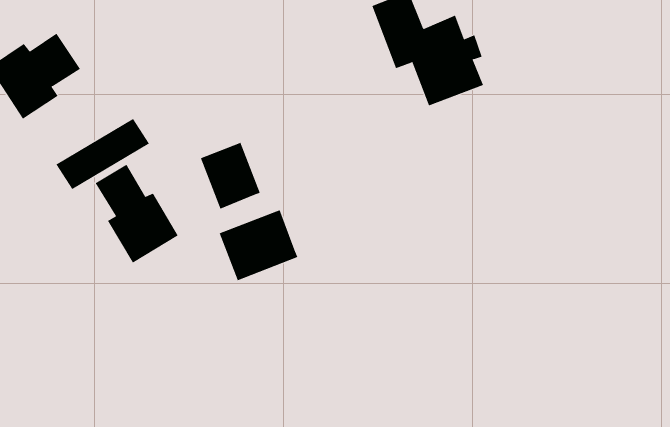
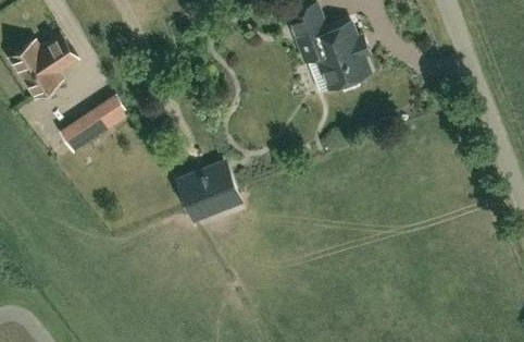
building: [200,142,261,210] -> none
building: [95,164,179,263] -> none

